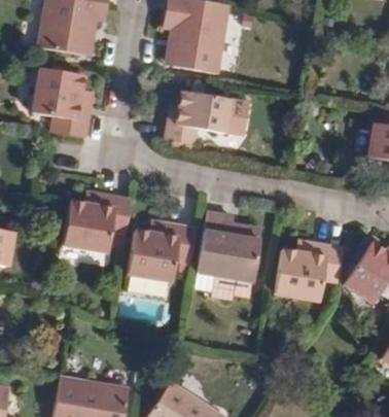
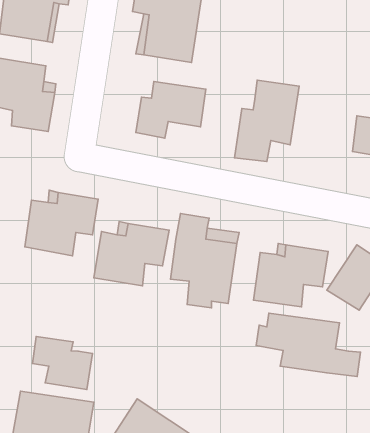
building: none -> [235,80,299,162]
building: none -> [256,313,360,377]
building: none -> [32,336,93,389]

